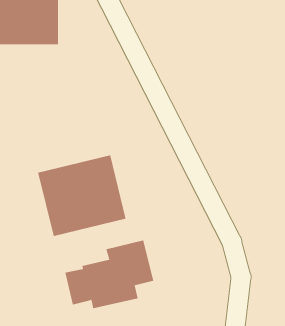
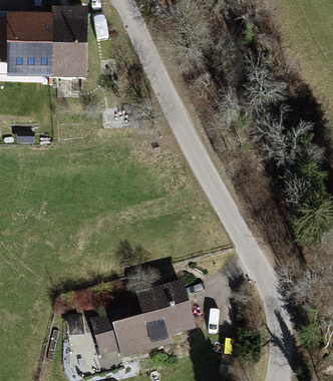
building: [38,154,126,237] -> none

